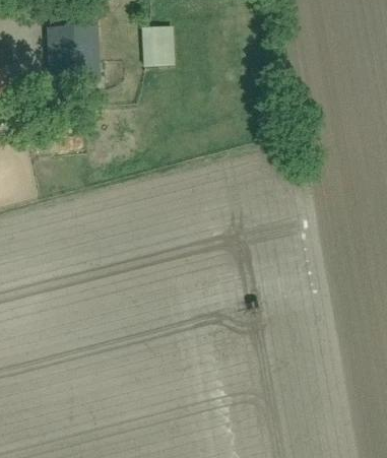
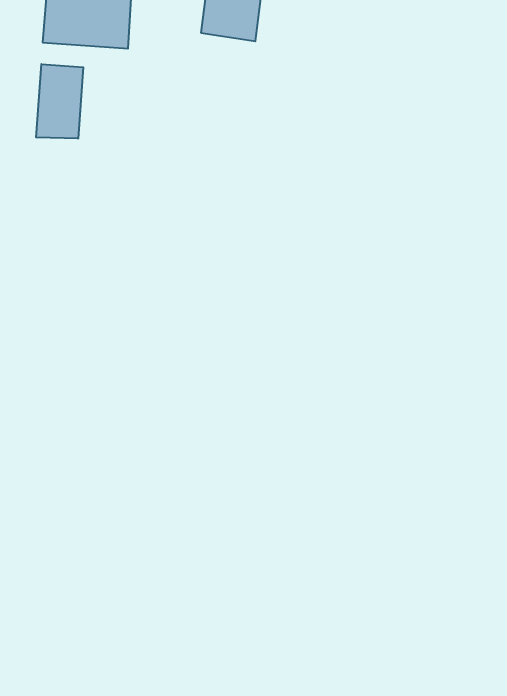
building: none -> [36,64,83,139]

